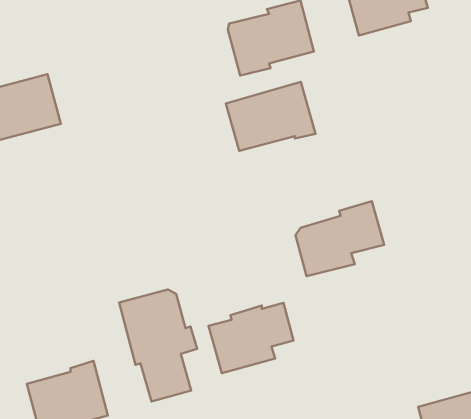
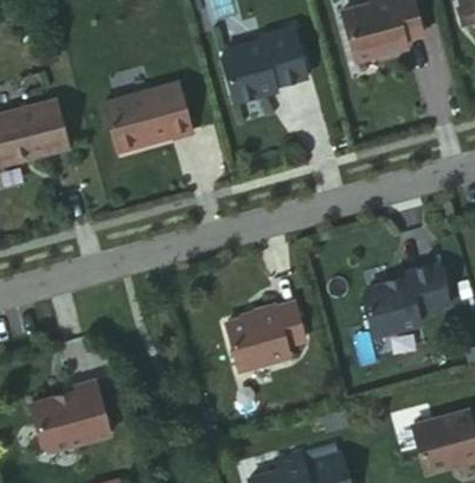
building: [226,82,315,151] -> [104,82,192,150]
building: [296,201,384,276] -> [364,261,450,335]
building: [119,289,197,401] -> none

